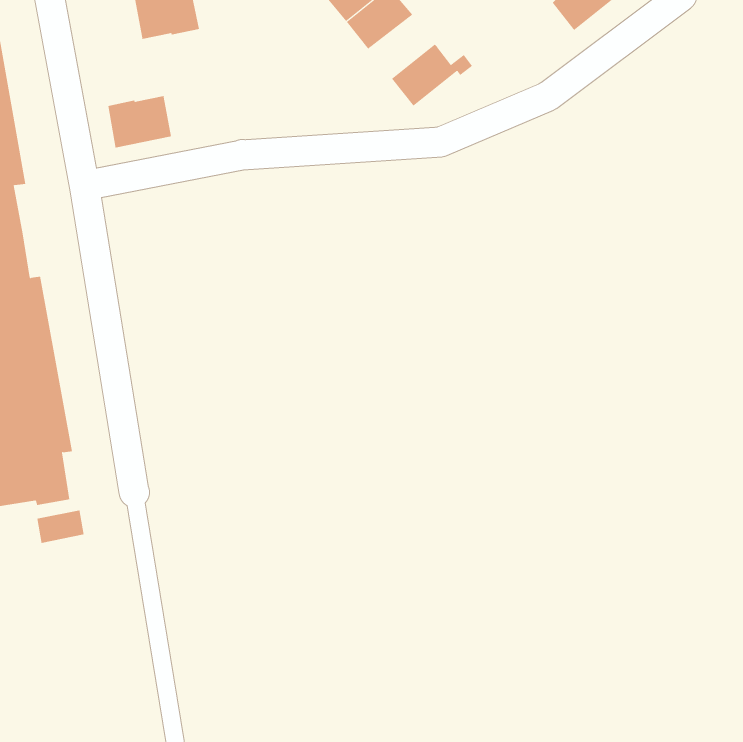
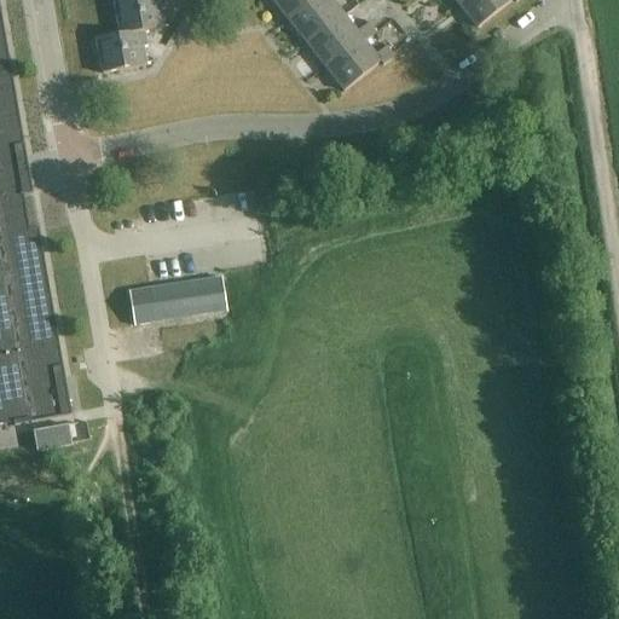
building: none -> [305,12,374,65]
building: [108,96,172,148] -> [94,28,147,71]
building: none -> [126,274,224,324]

